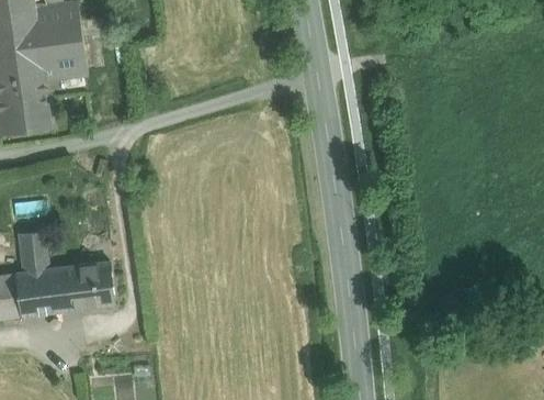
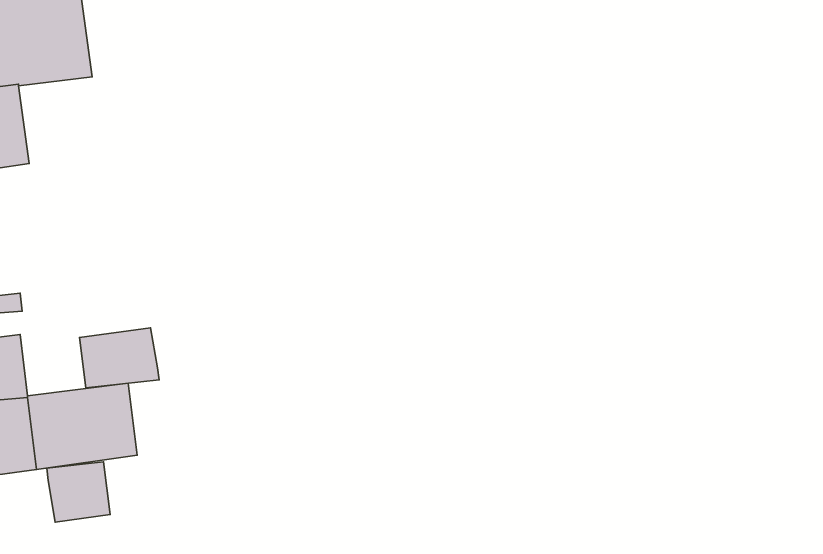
building: none -> [79,328,159,388]
building: none -> [47,462,110,522]

